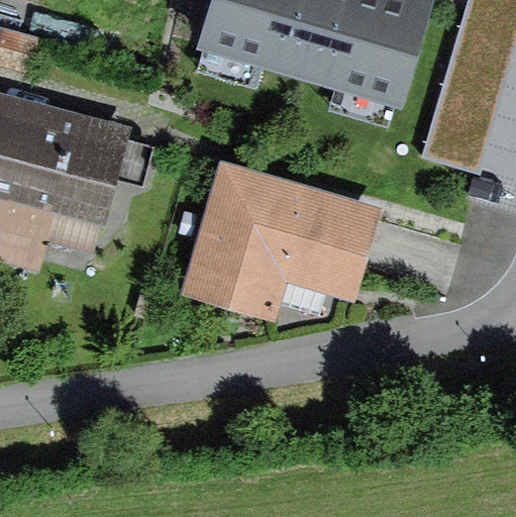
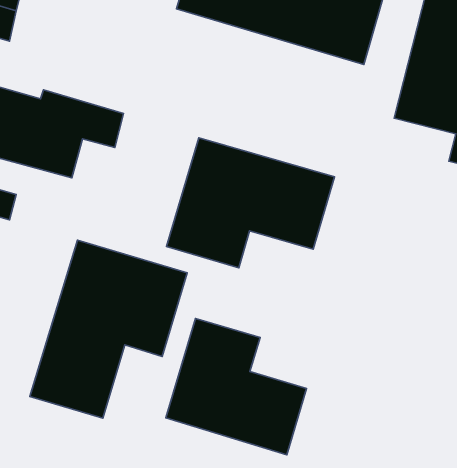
building: none -> [30,240,187,418]
building: none -> [166,318,306,455]

